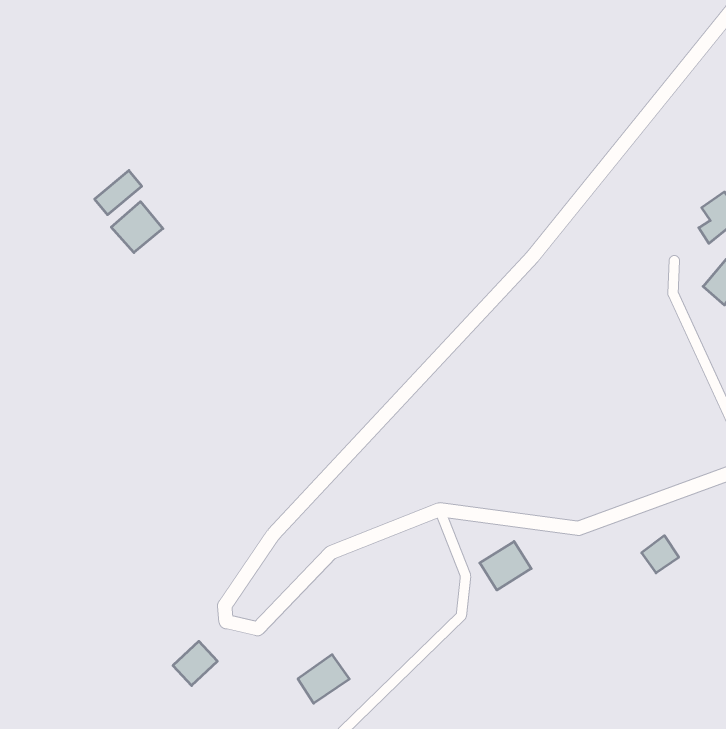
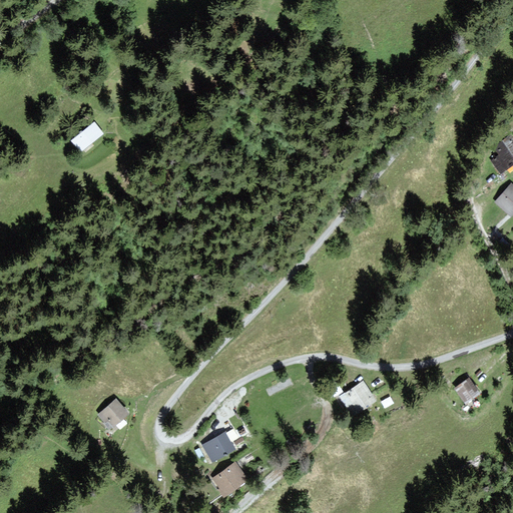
building: [111,202,163,253] -> none
building: none -> [201,433,234,463]
building: [173,641,217,686] -> [97,398,128,429]

